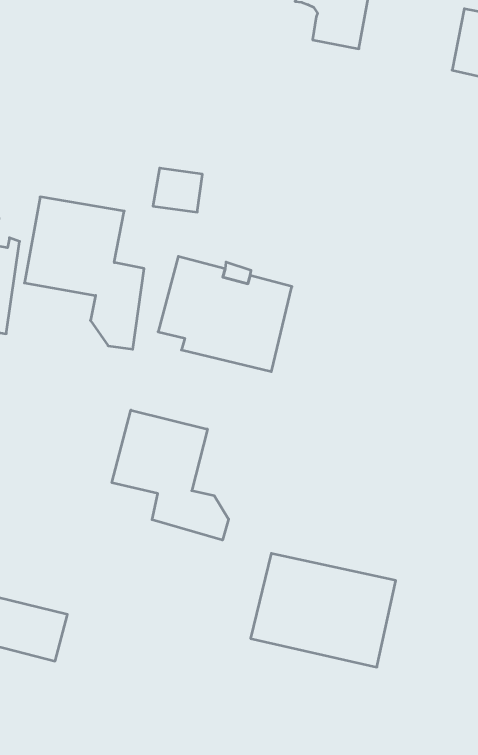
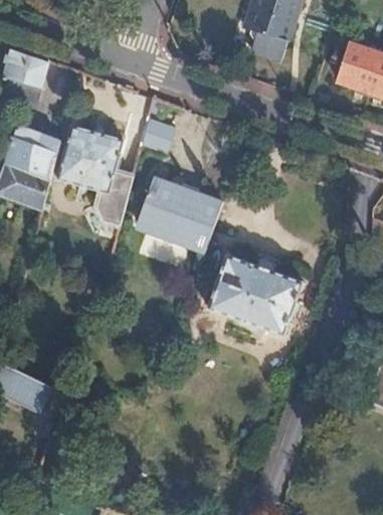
building: [112,410,229,540] -> none
building: [251,553,396,667] -> [205,256,300,335]

